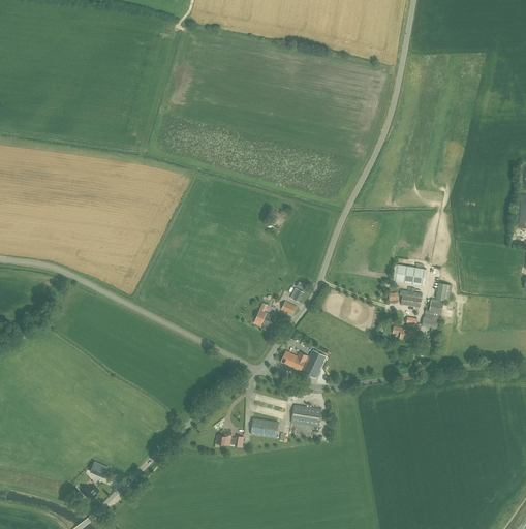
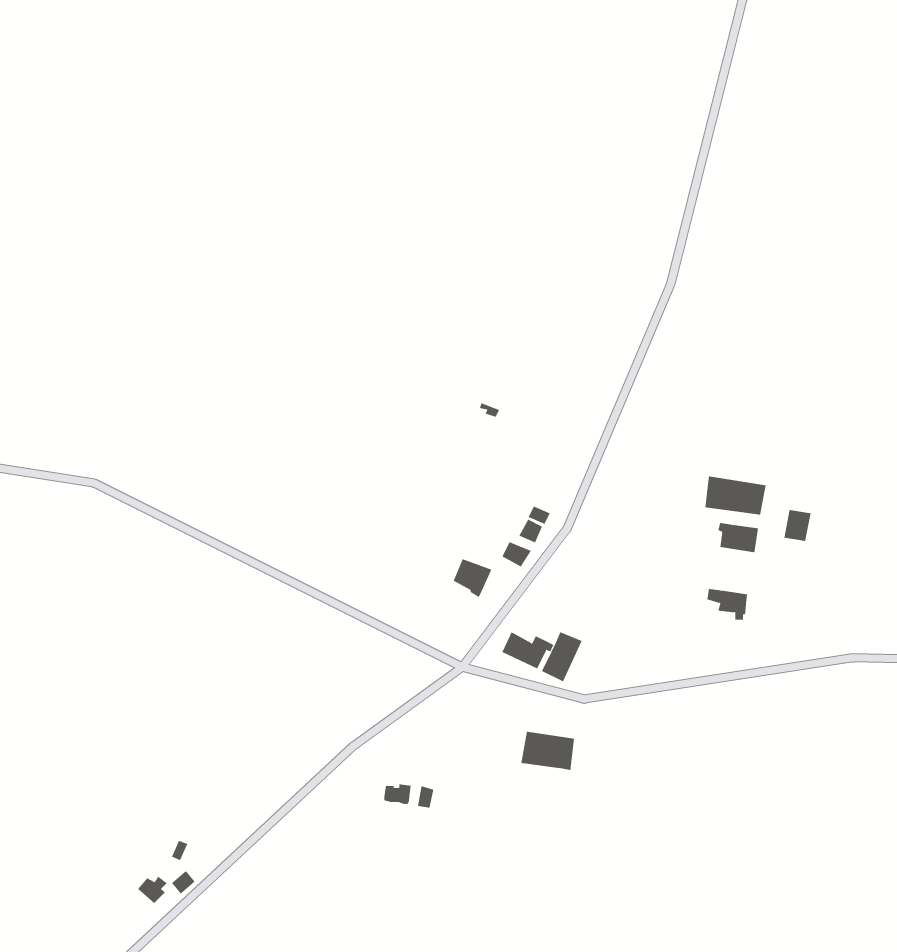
building: [421,298,443,328] -> none
building: [249,417,278,437] -> none

